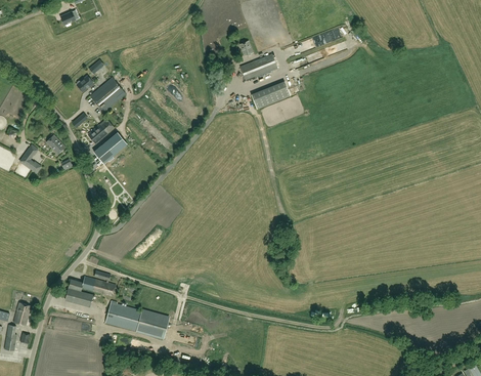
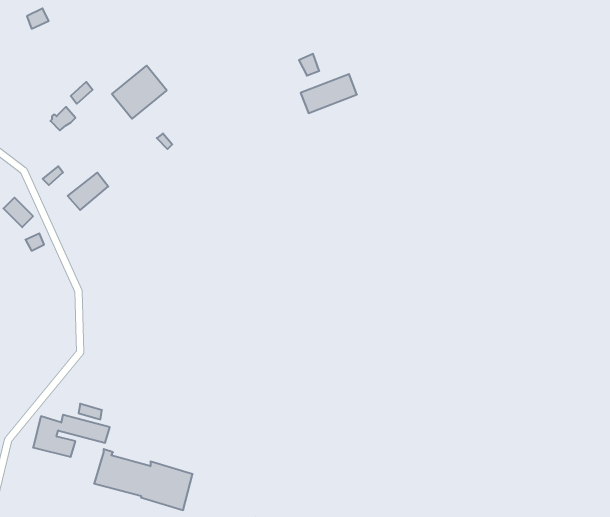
building: [90,78,126,113] -> [112,66,167,119]
building: [252,81,291,109] -> none
building: [94,132,128,164] -> none

